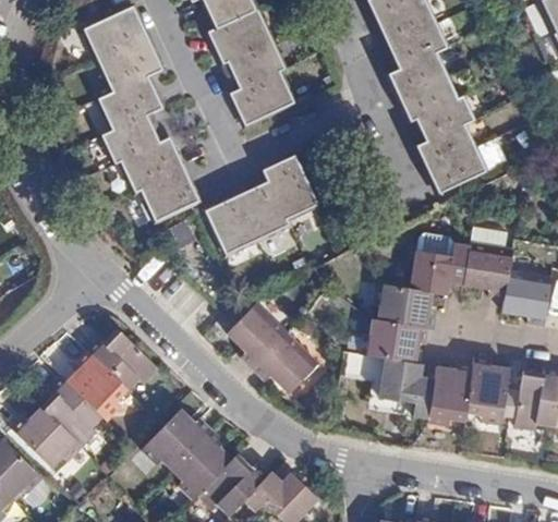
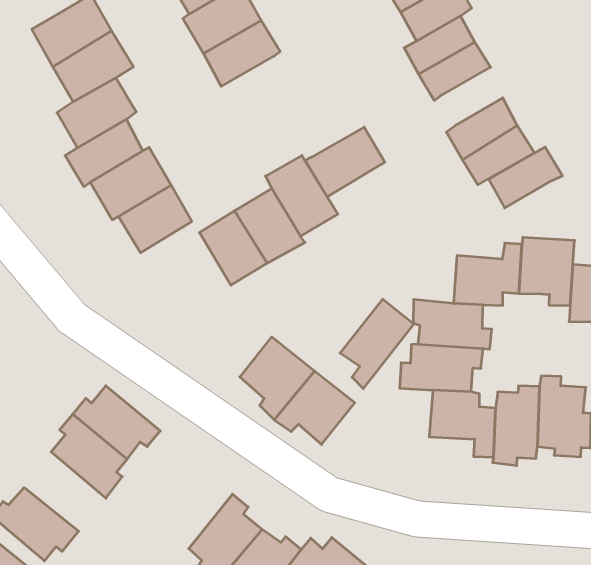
building: [229,71,294,125] -> [305,127,385,197]
building: [414,95,475,142] -> [489,147,562,208]
building: none -> [340,299,414,389]
building: [40,376,101,447] -> none
building: [141,409,211,470] -> none

